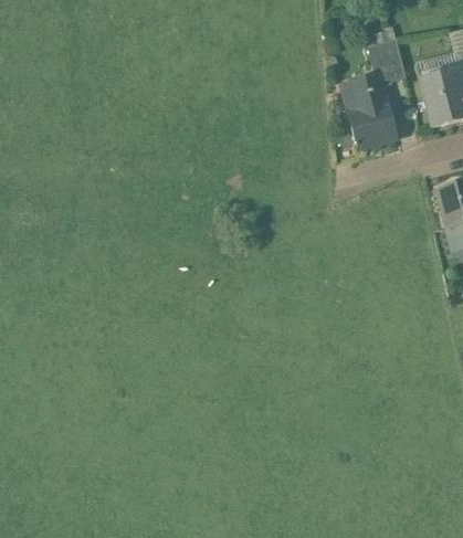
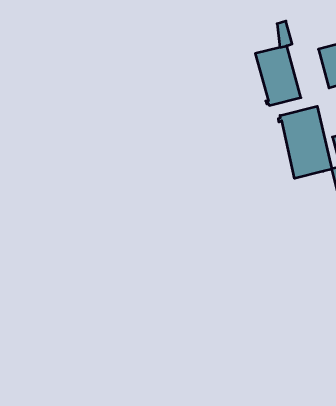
building: [379,36,407,80] -> none
building: none -> [278,106,332,178]

